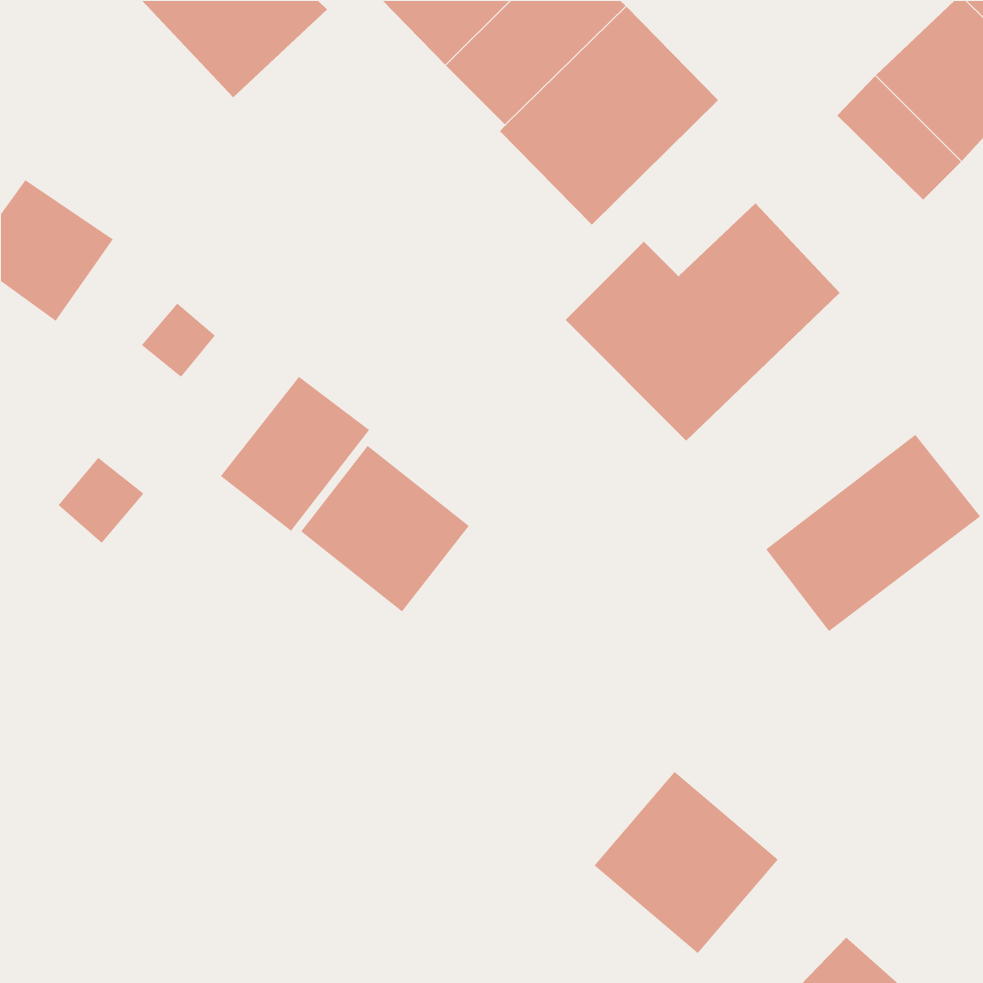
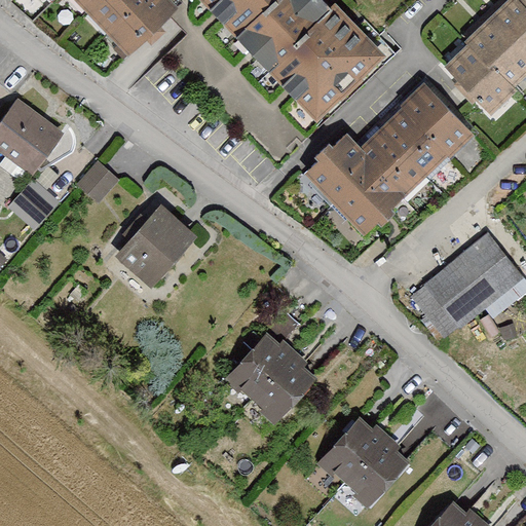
building: none -> [404,84,475,157]
building: [300,445,470,613] -> [224,334,314,423]
building: [58,457,144,544] -> [12,183,59,229]

